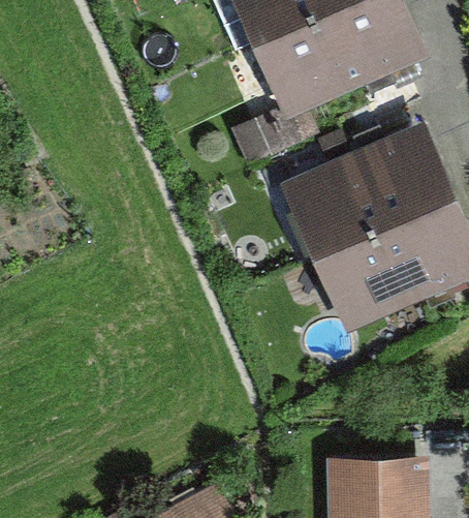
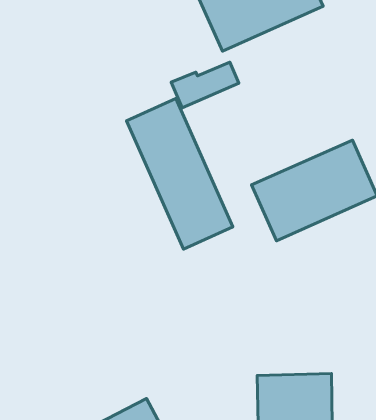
building: [298,133,439,247] -> none
building: none -> [126,99,233,249]

